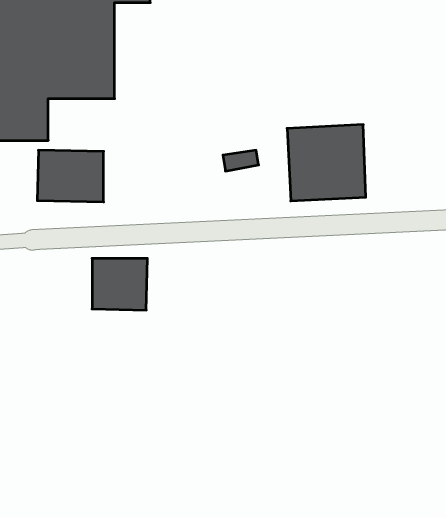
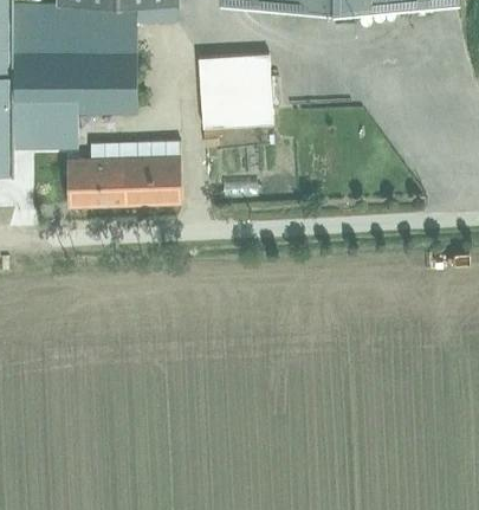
building: [287,125,366,201] -> [194,53,270,127]
building: [92,258,147,310] -> [128,155,181,205]

